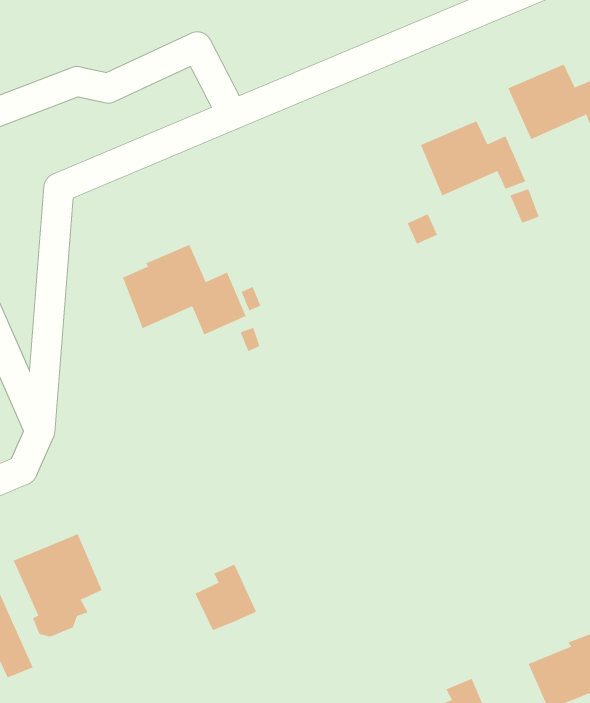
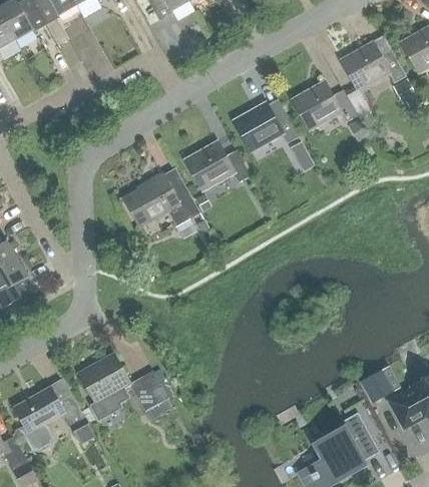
building: none -> [233,103,298,150]
building: none -> [184,142,250,189]
building: [195,564,257,631] -> [131,370,169,411]
building: none -> [359,368,394,402]

